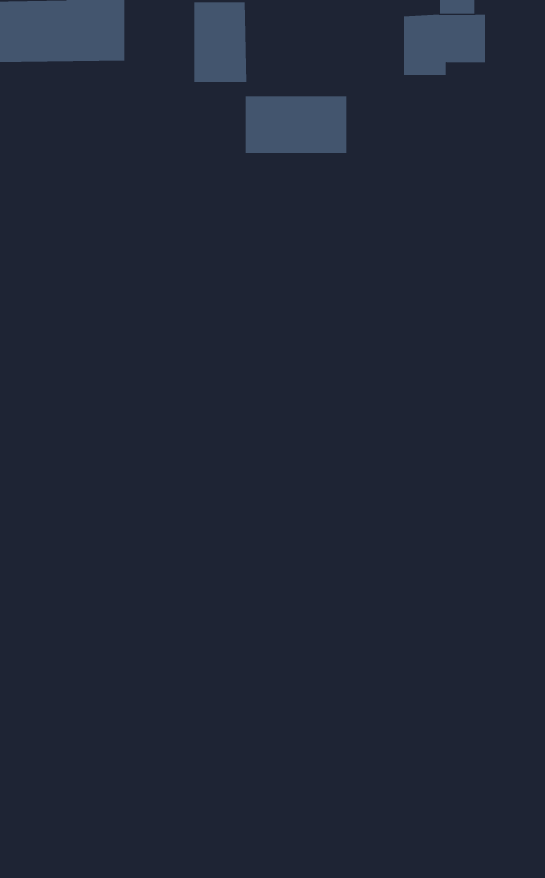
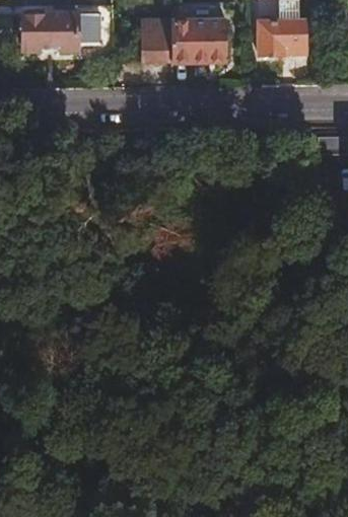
building: [245,96,347,153] -> [173,27,231,60]

